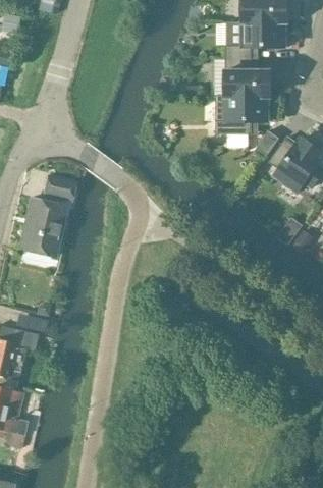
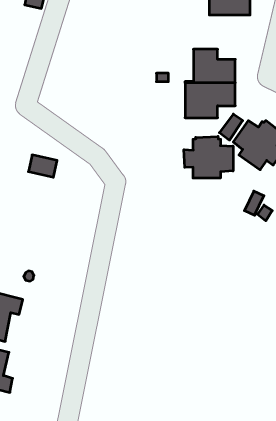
building: [224,21,286,59] -> none
building: none -> [184,136,233,178]
building: [18,198,64,256] -> none

